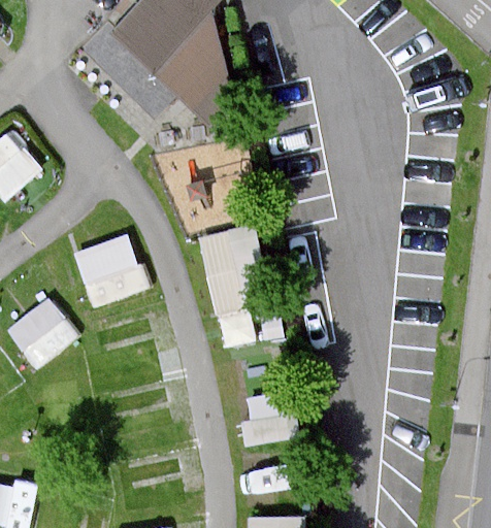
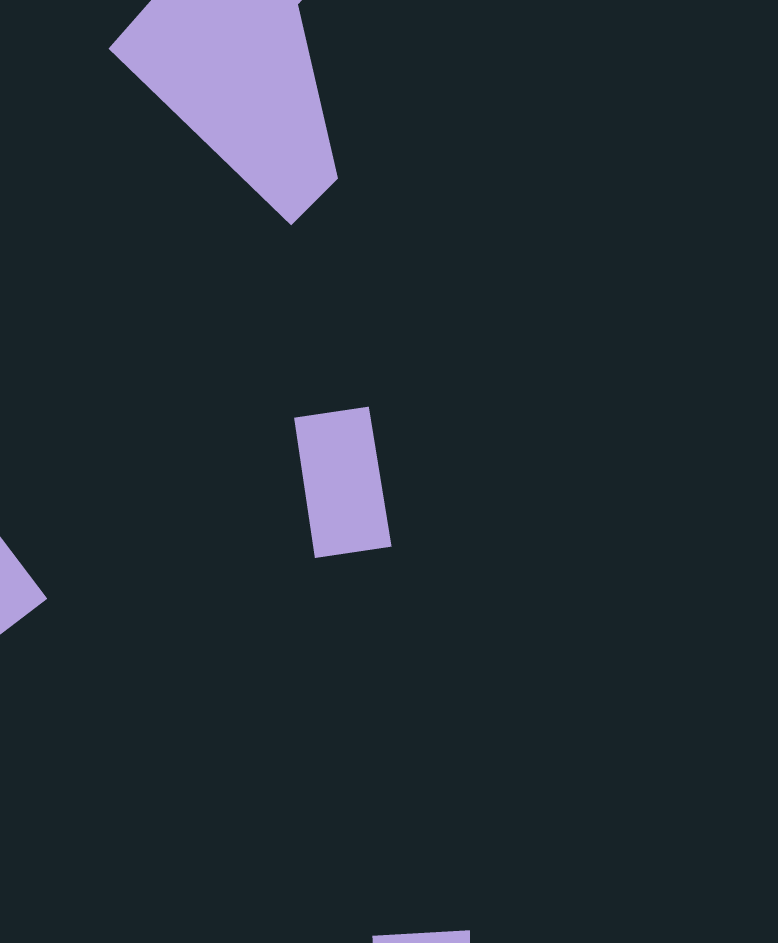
building: [73,230,146,303] -> none

